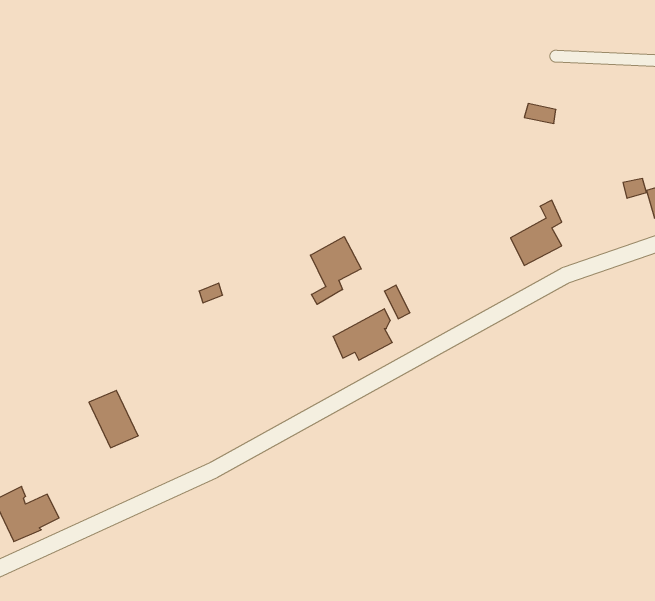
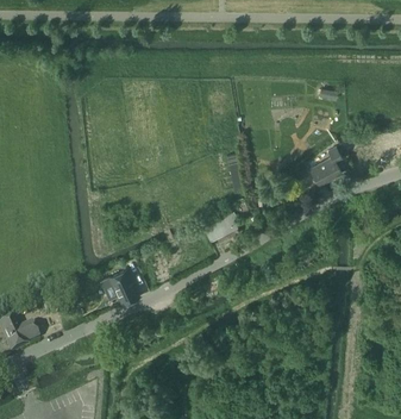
building: [310,237,361,304] -> none
building: [89,390,138,448] -> [108,270,138,305]

